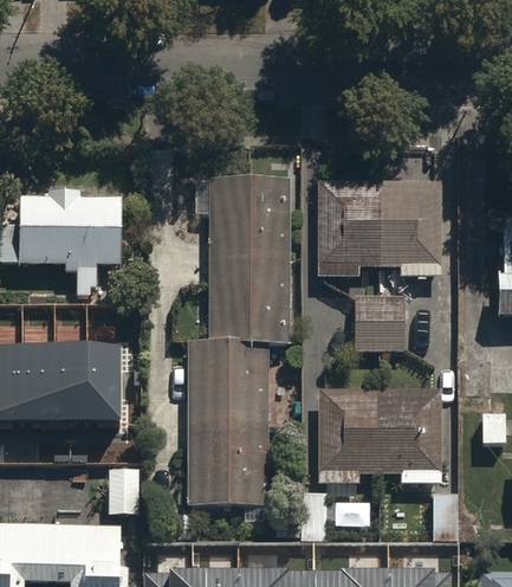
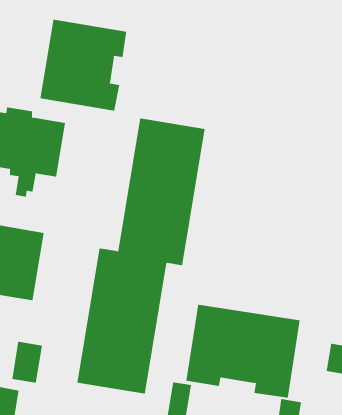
building: none -> [40,19,127,111]
building: [317,183,440,280] -> none
building: [352,298,402,351] -> none

